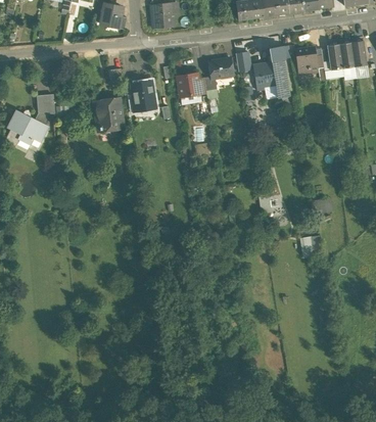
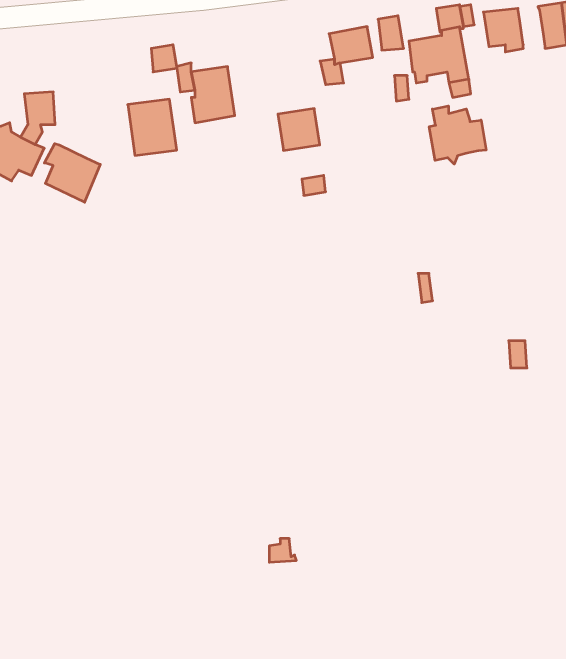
building: [177,73,200,96] -> [278,109,320,150]
building: none -> [429,106,486,164]
building: none -> [44,144,100,202]

